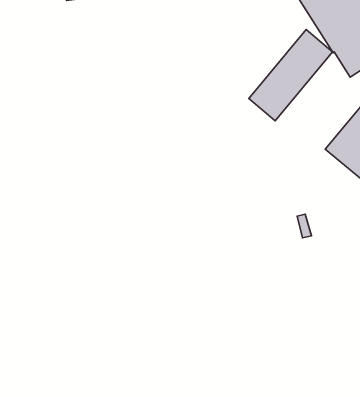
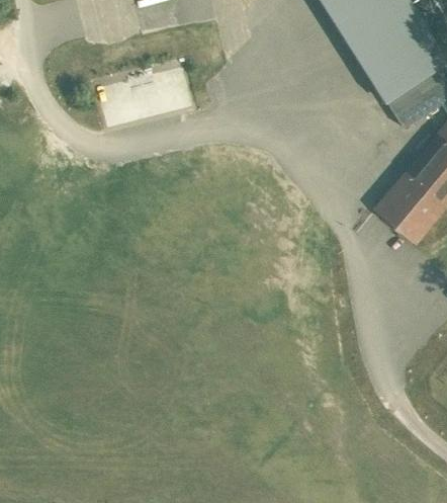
building: [249,30,333,121] -> none

